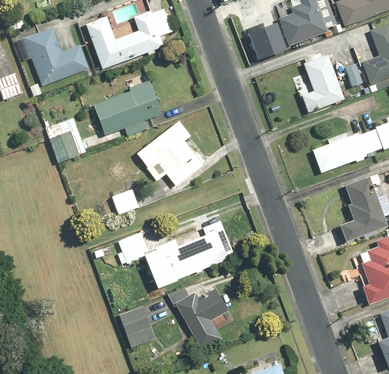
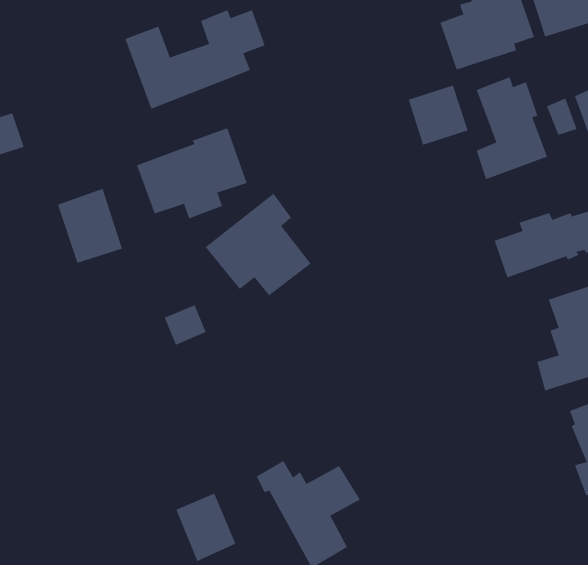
building: [246,21,283,58] -> [408,85,468,145]
building: [16,27,88,86] -> none
building: [118,220,235,287] -> none

